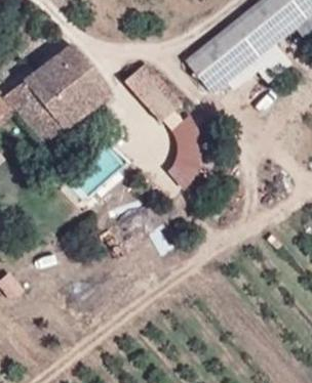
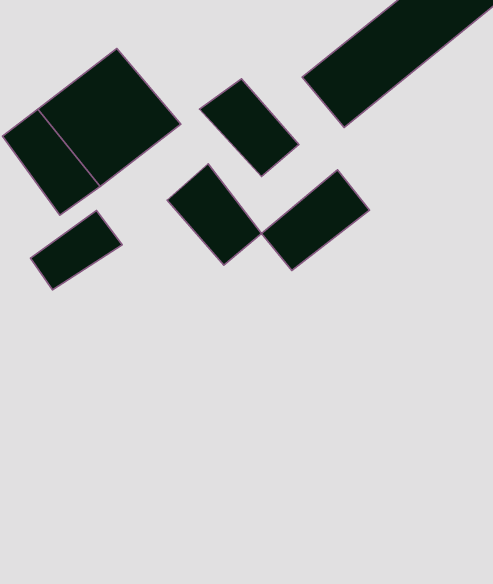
building: none -> [167,164,262,265]
building: none -> [31,210,122,290]

